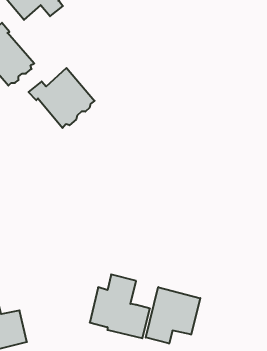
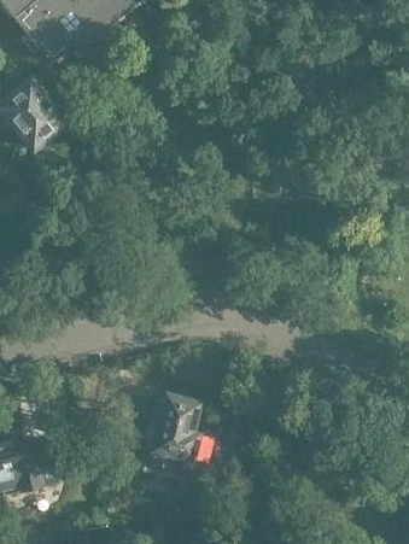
building: [29,68,95,128] -> none
building: [146,287,200,344] -> none

